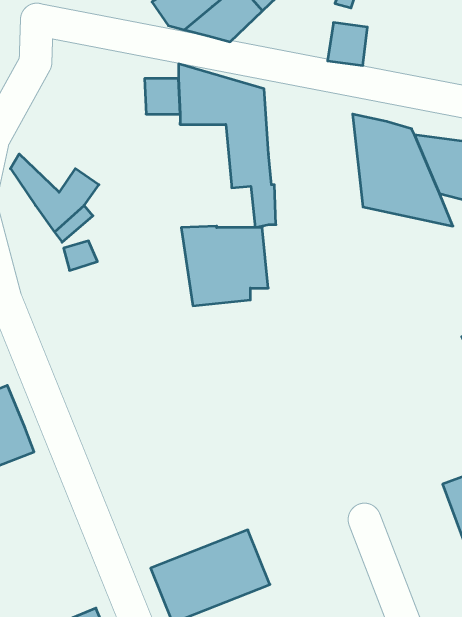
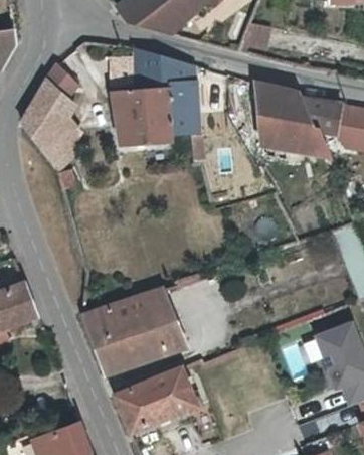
building: none -> [28,63,77,137]
building: [181,226,268,306] -> [114,90,173,144]
building: none -> [83,290,188,373]

